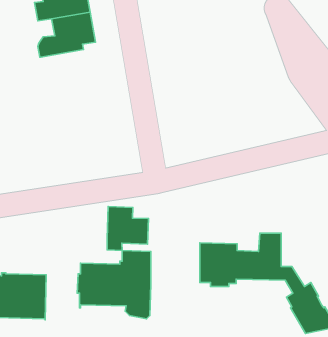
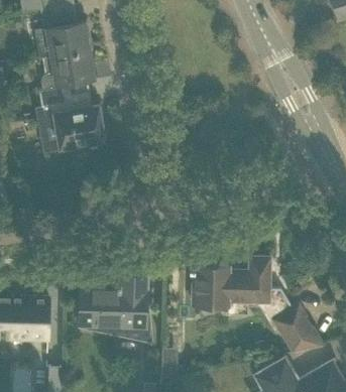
building: none -> [39,86,105,150]
building: [107,207,148,250] -> none

